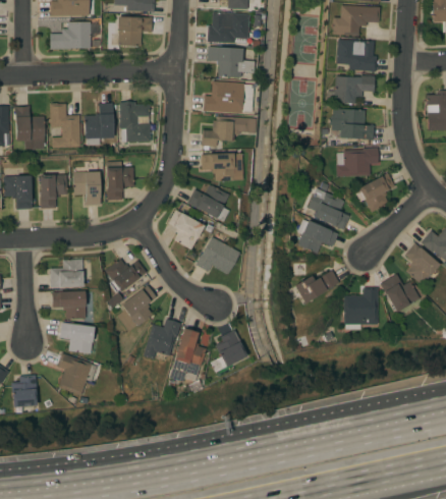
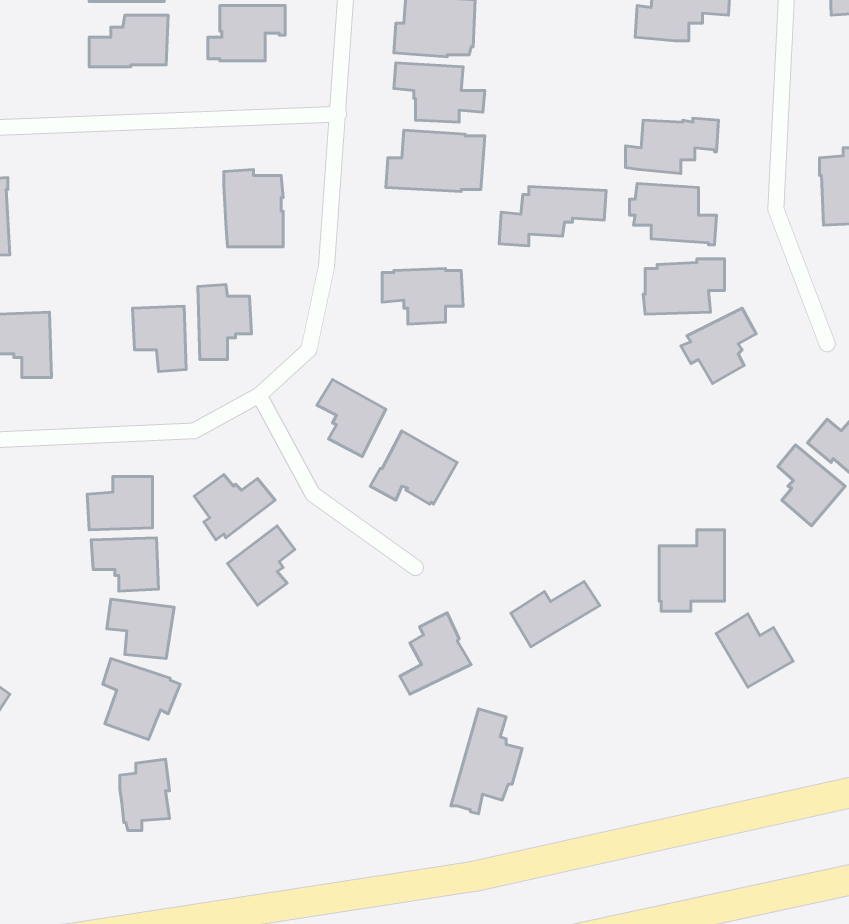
building: [336,40,377,72] -> none
building: [50,103,80,148] -> none
building: [85,103,114,145] -> none
building: [14,106,45,150] -> none
building: [202,116,257,147] -> [499,187,606,246]
building: [40,174,68,209] -> none
building: [187,184,229,222] -> none
building: [308,192,349,230] -> none
building: [297,219,338,253] -> none
building: [294,270,340,303] -> [511,582,600,647]
building: [381,274,421,312] -> [716,614,793,687]
building: [144,319,181,358] -> none
building: [170,328,207,382] -> [451,709,522,814]
building: [12,375,38,411] -> [120,759,169,830]

